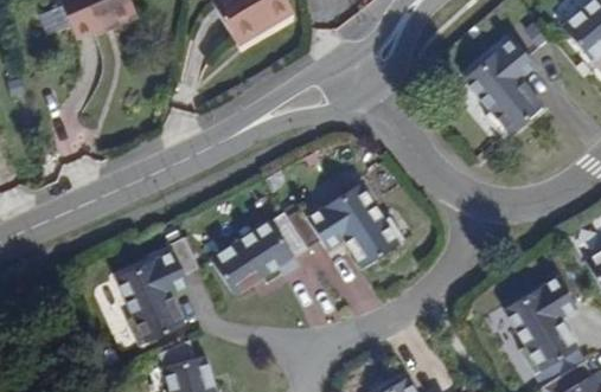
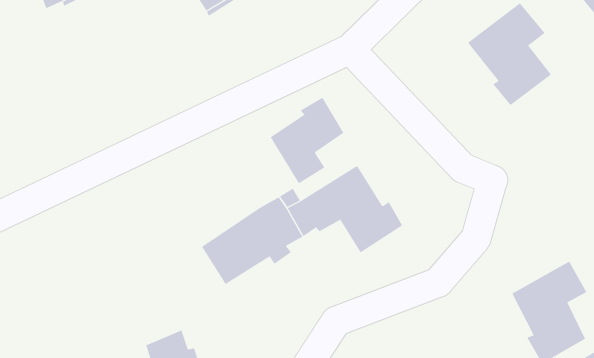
building: none -> [270,97,344,184]
building: [119,238,202,346] -> none

